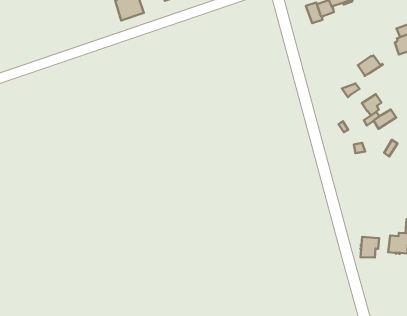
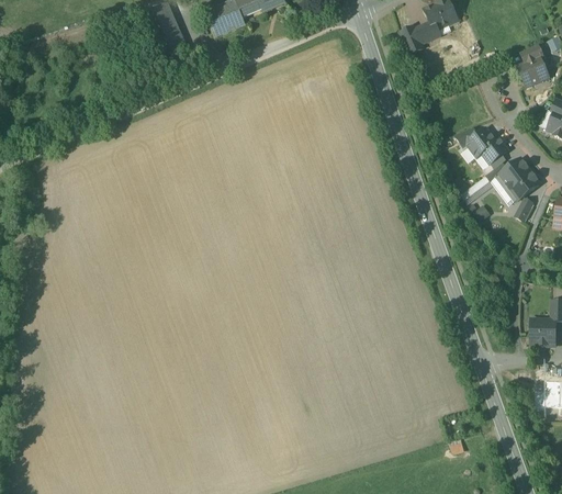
building: [358,55,383,76] -> [467,128,499,156]
building: none -> [506,168,539,200]
building: [361,237,379,257] -> none

